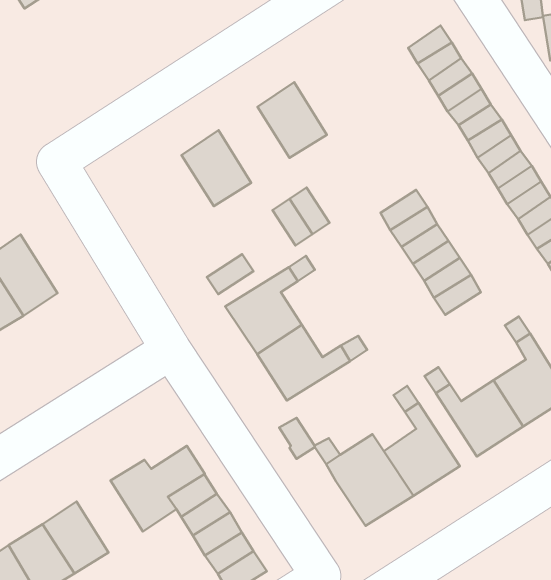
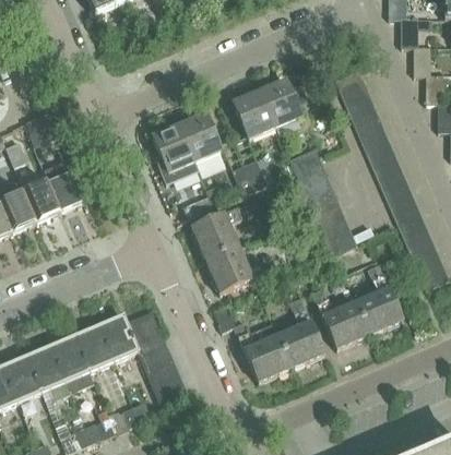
building: none -> [260,79,301,127]
building: none -> [153,124,199,183]
building: none -> [290,147,327,182]
building: none -> [76,325,116,371]

